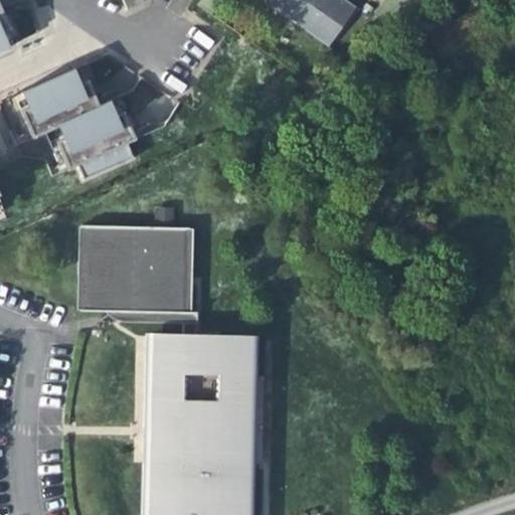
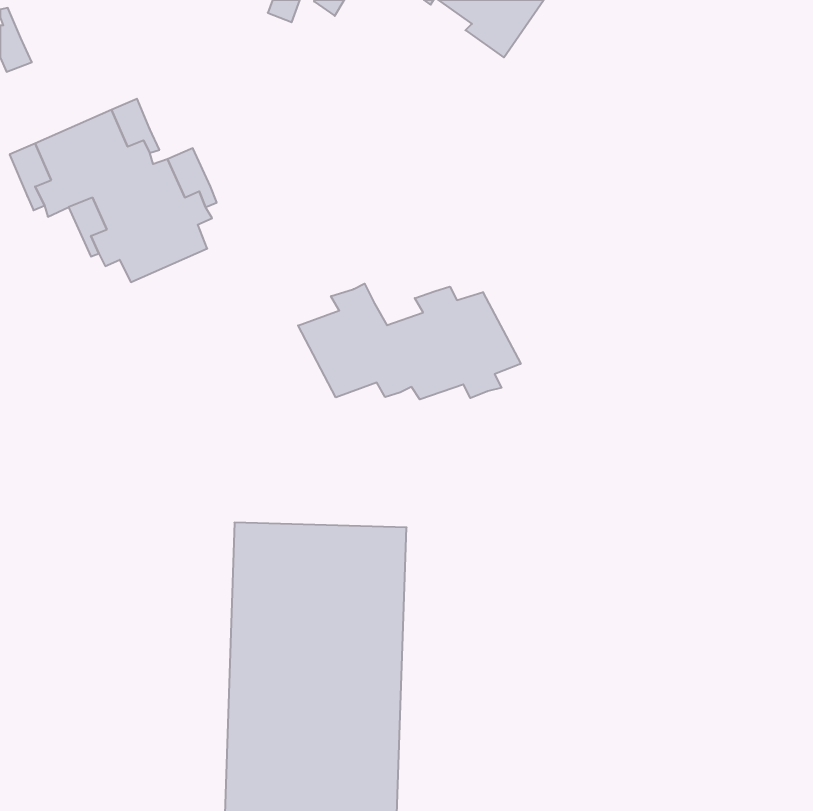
building: none -> [298,284,521,399]
building: [78,227,192,313] -> none

